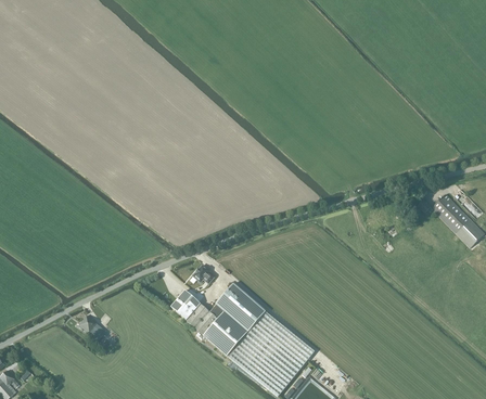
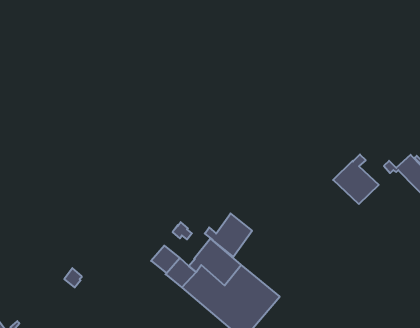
building: none -> [333,154,379,204]
building: none -> [205,213,252,257]

